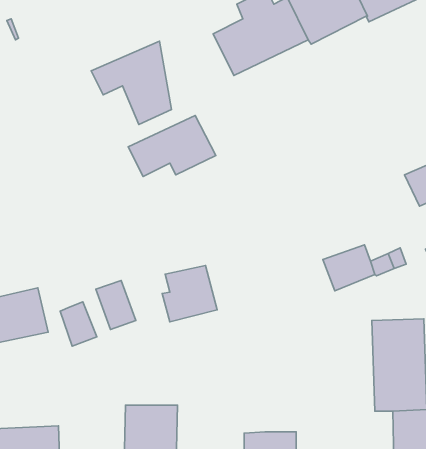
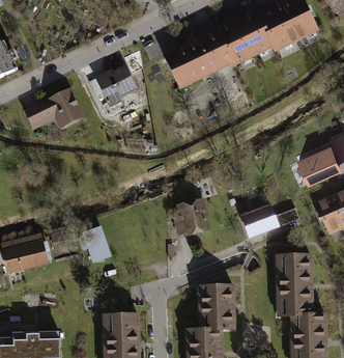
building: [128,116,216,176] -> [24,87,85,130]
building: [162,265,217,322] -> [174,197,212,237]
building: [60,302,97,346] -> none
building: none -> [199,285,236,333]

